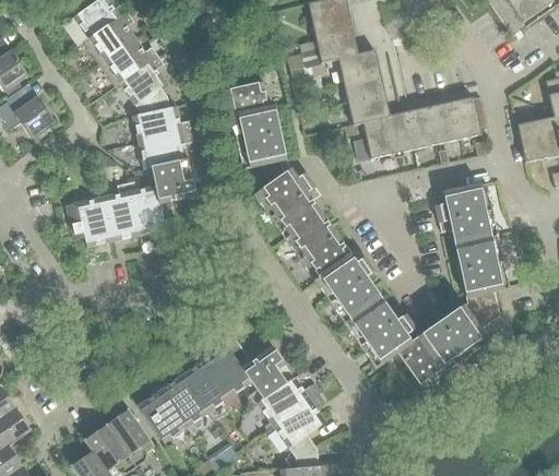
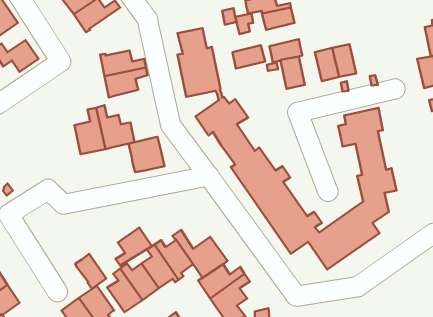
building: [119,53,170,115] -> none
building: [344,73,385,103] -> [232,45,265,68]
building: [450,95,481,138] -> none
building: [385,110,415,152] -> none
building: [518,119,545,160] -> none
building: [151,157,197,202] -> [128,137,164,172]
building: [67,201,108,245] -> none
building: none -> [115,228,152,266]
building: none -> [75,254,106,289]

